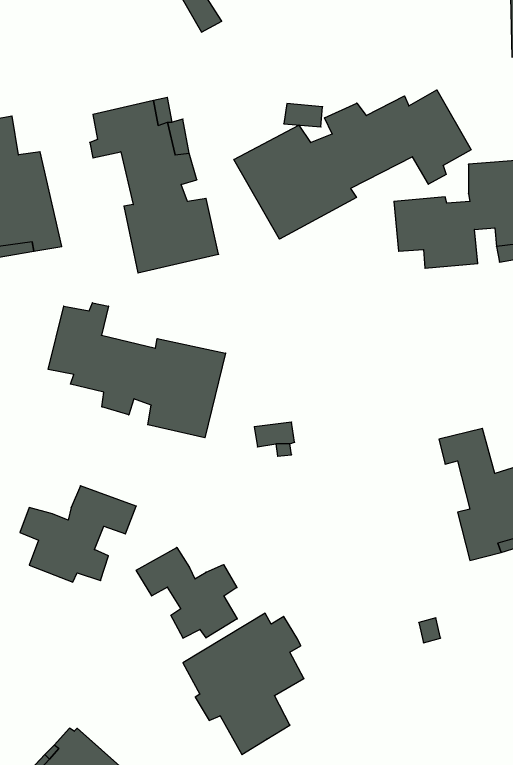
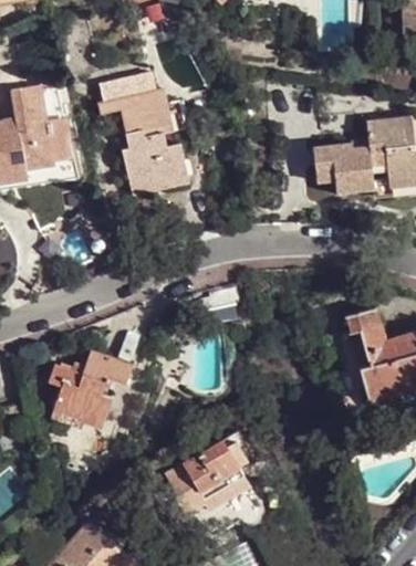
building: [234,90,471,239] -> none
building: [48,303,226,438] -> none
building: [136,547,237,638] -> none

